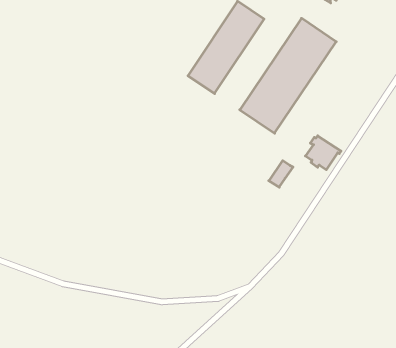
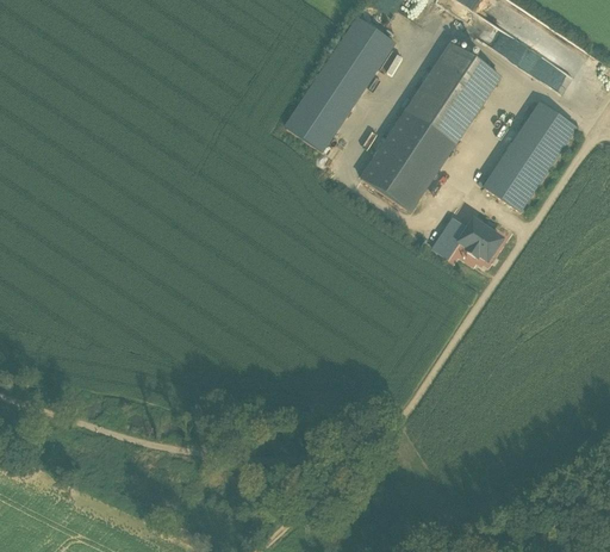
building: none -> [481,100,578,211]
building: [269,161,293,187] -> [432,217,468,256]

